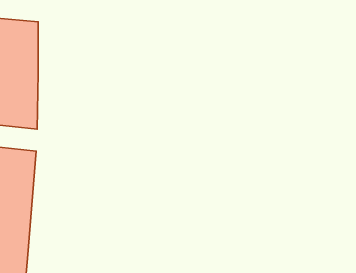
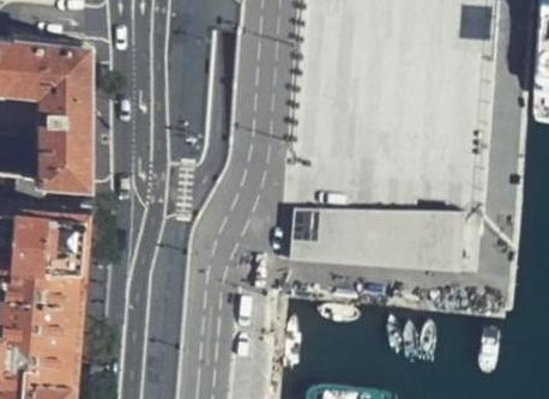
building: none -> [295,211,470,274]

